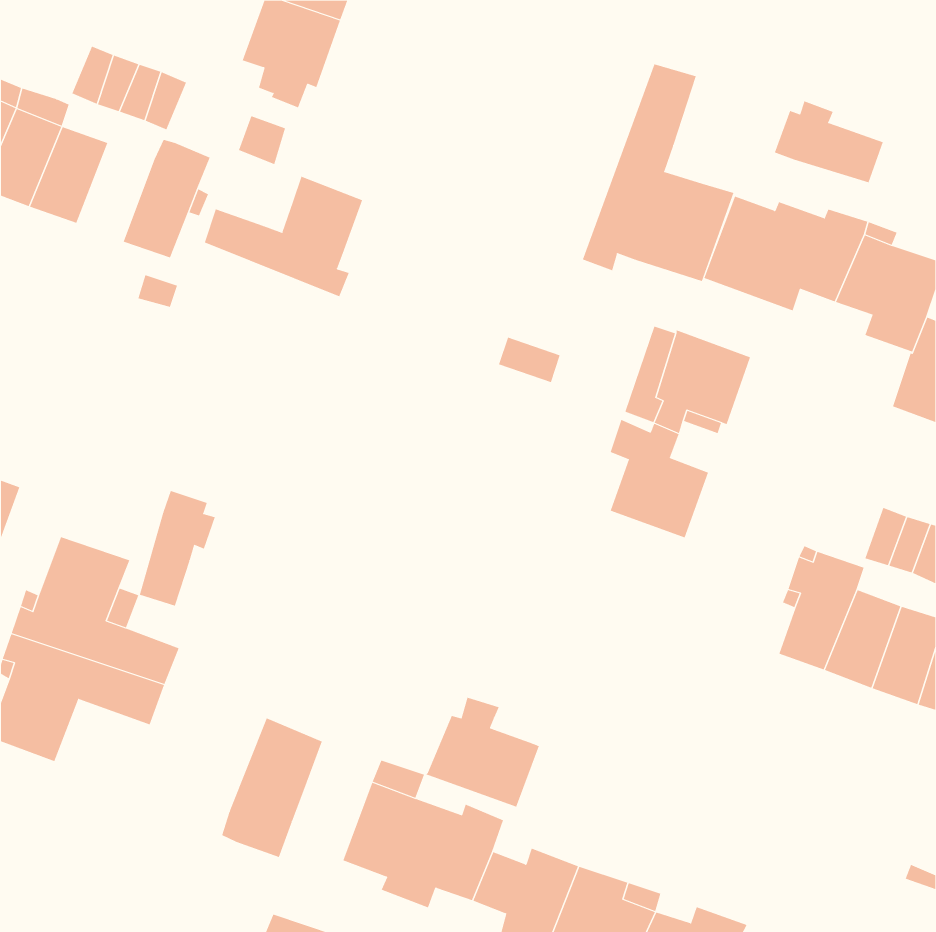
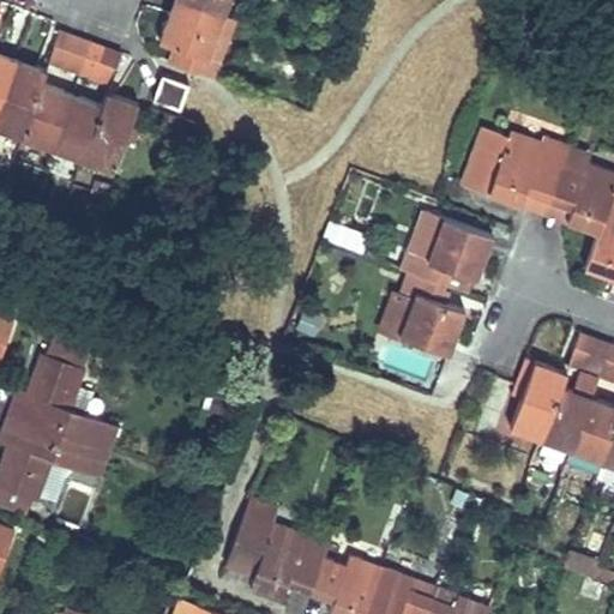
building: [582,63,734,282] -> none
building: [774,100,884,183] -> none
building: none -> [50,96,101,161]
building: [204,176,363,297] -> none
building: [139,490,215,606] -> none
building: [425,697,540,808] -> none
building: [222,717,323,858] -> none

